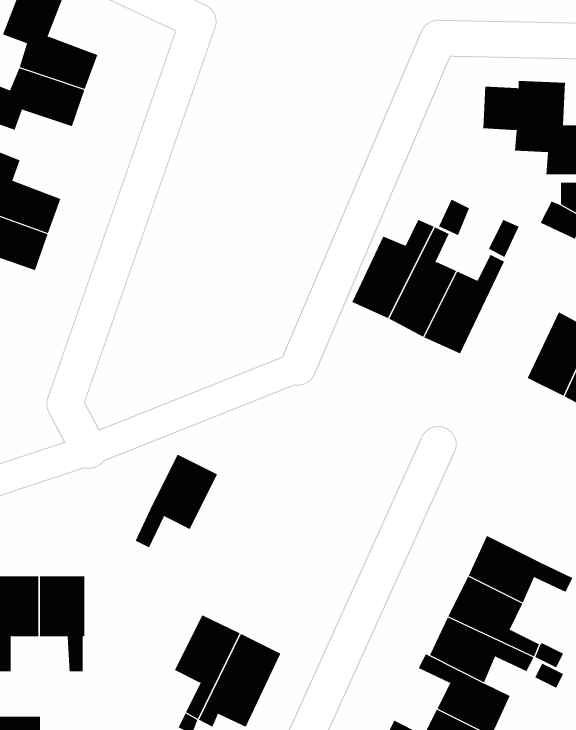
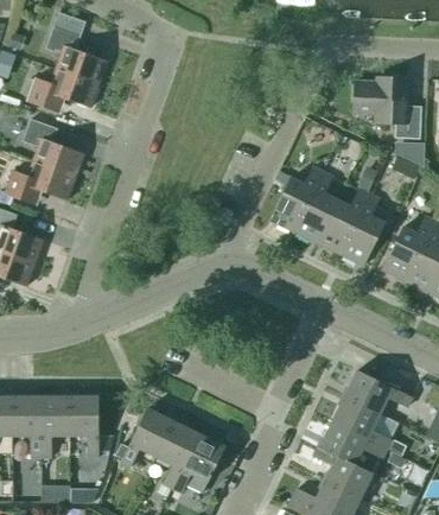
building: none -> [339,193,383,265]
building: [135,454,218,548] -> [120,407,173,468]

